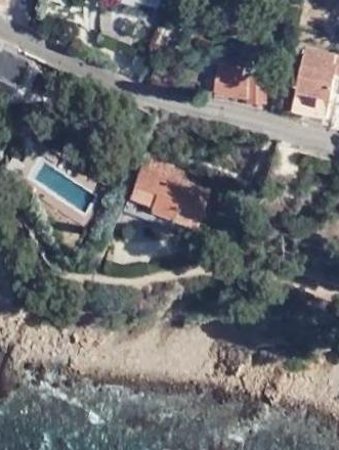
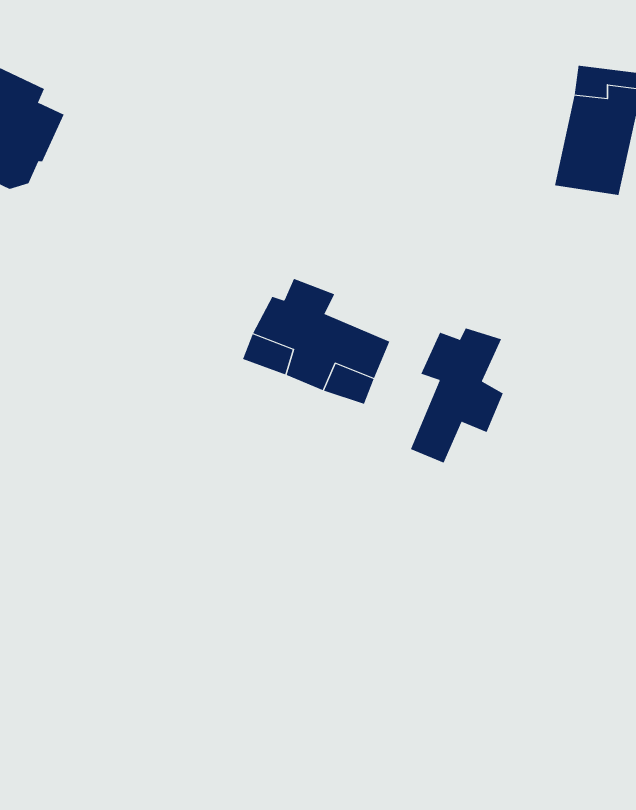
building: [215,66,269,105] -> none
building: none -> [410,328,504,464]

